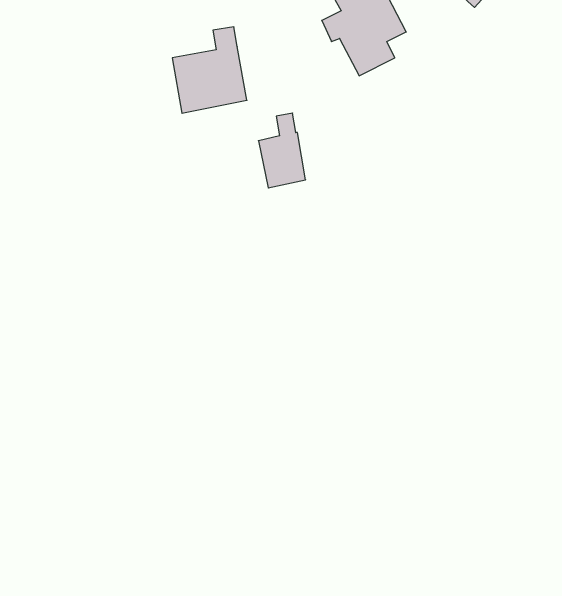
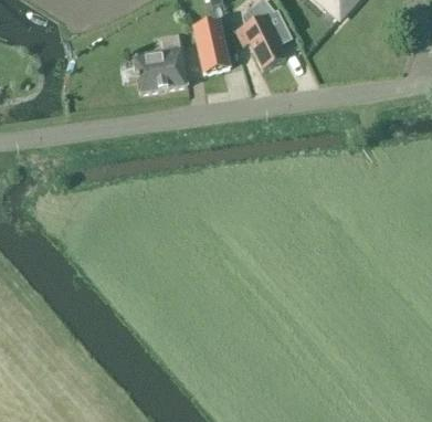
building: [258,113,306,188] -> [196,21,228,72]

